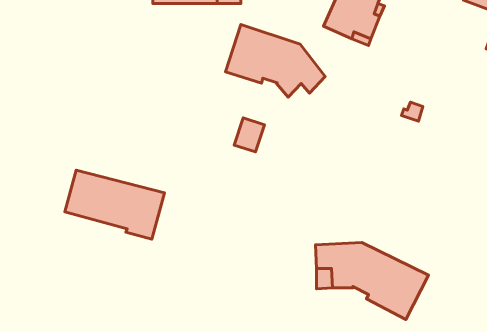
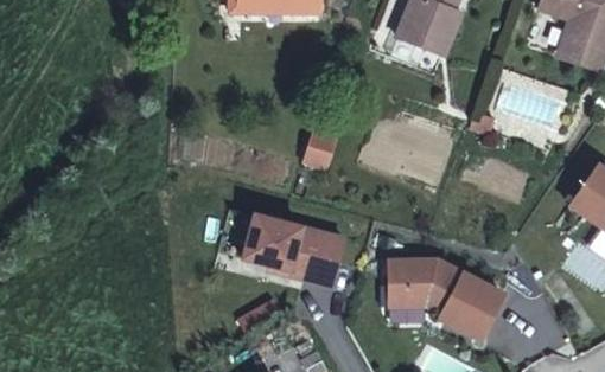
building: [226,24,325,97] -> none
building: [65,170,164,239] -> [237,214,342,287]

